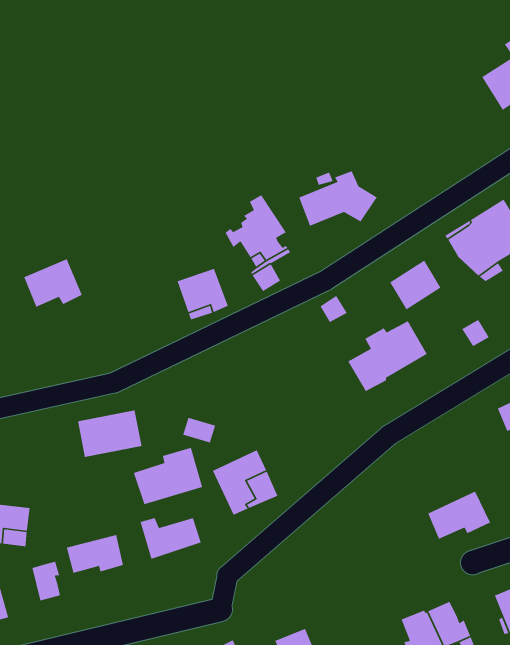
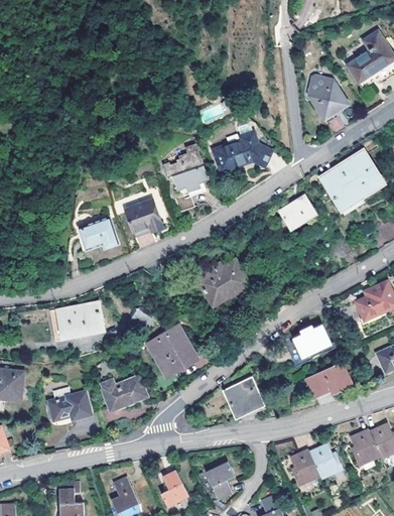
building: none -> [308,76,348,119]
building: [23,258,83,308] -> [76,216,118,251]
building: [347,320,428,392] -> [194,262,252,313]
building: none -> [293,324,331,356]
building: [133,447,203,505] -> none
building: none -> [226,375,264,413]
building: [31,561,61,601] -> none

